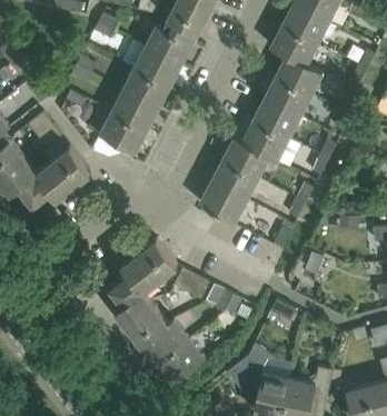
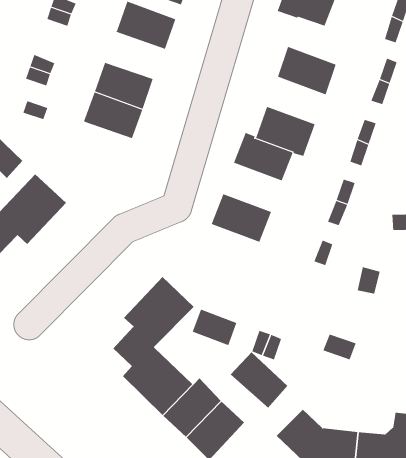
building: [120,39,181,87] -> none
building: [275,55,322,95] -> none
building: [252,98,299,138] -> none
building: [88,106,147,153] -> none
building: [210,159,257,200] -> none
building: none -> [230,352,288,409]

